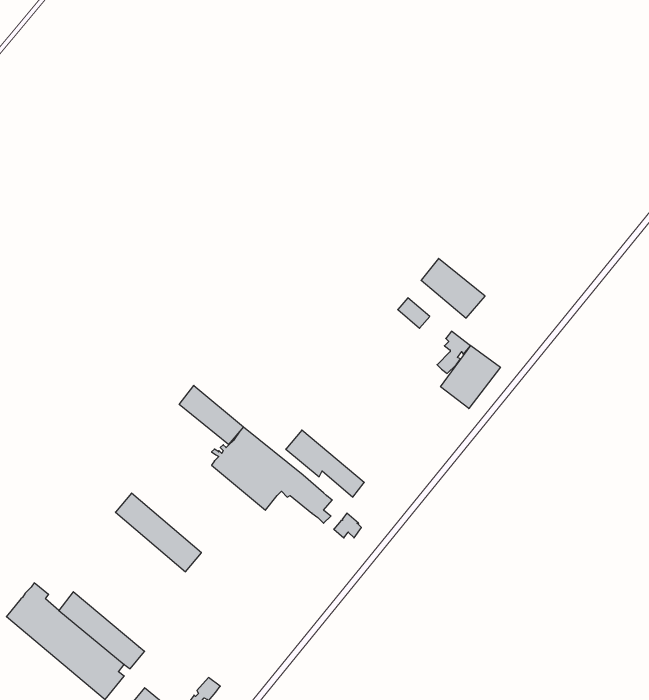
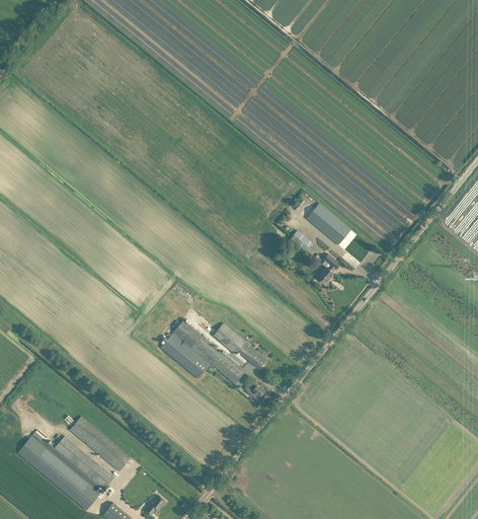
building: [441,345,500,409] -> none
building: [179,385,243,445] -> none
building: [115,493,201,572] -> [70,417,130,471]

